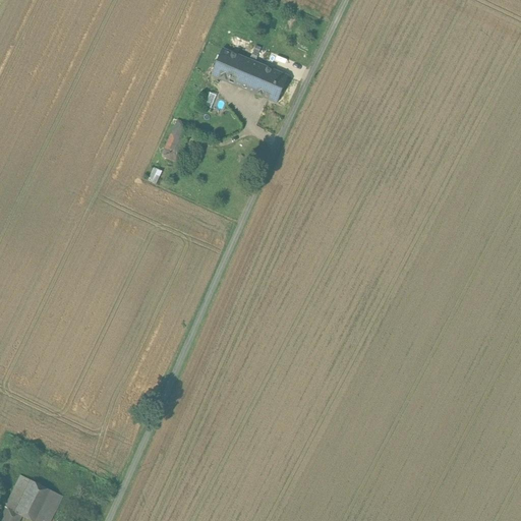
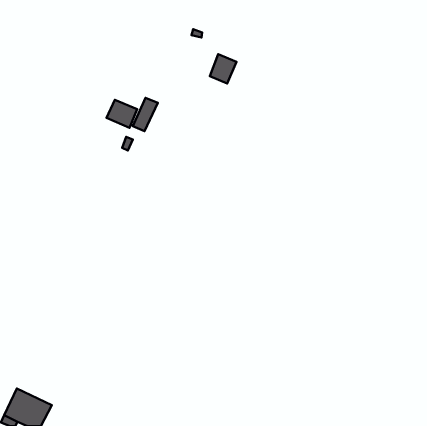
building: [212,48,266,93] -> none
building: none -> [106,100,137,128]

